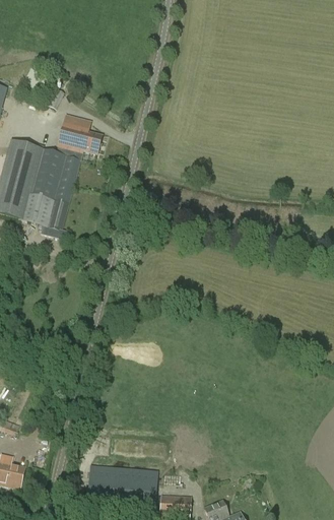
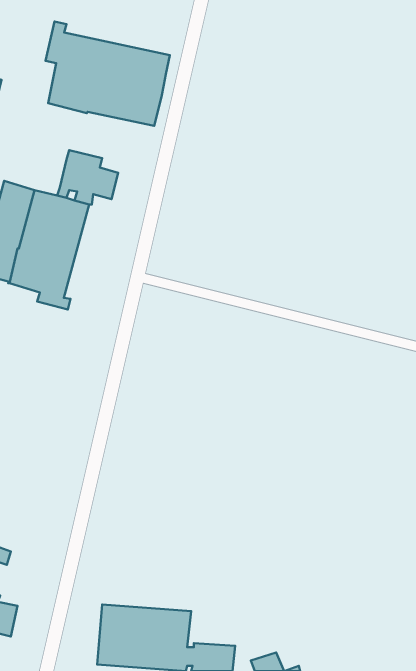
building: none -> [45,21,170,126]

